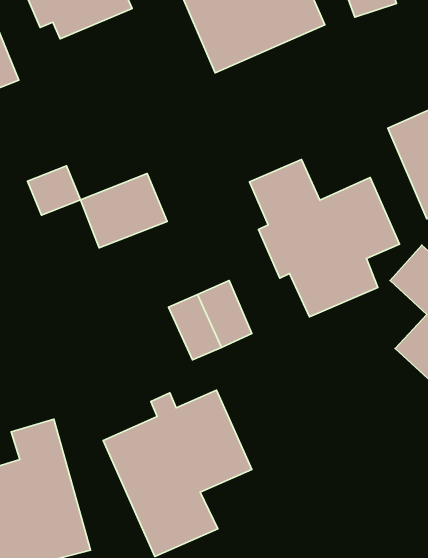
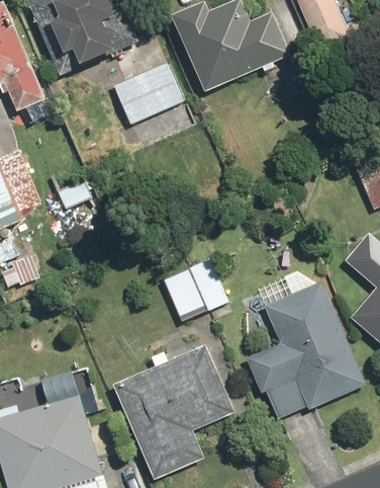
building: [250,160,400,317] -> none
building: [80,174,167,248] -> [115,65,185,125]
building: none -> [246,279,369,415]

